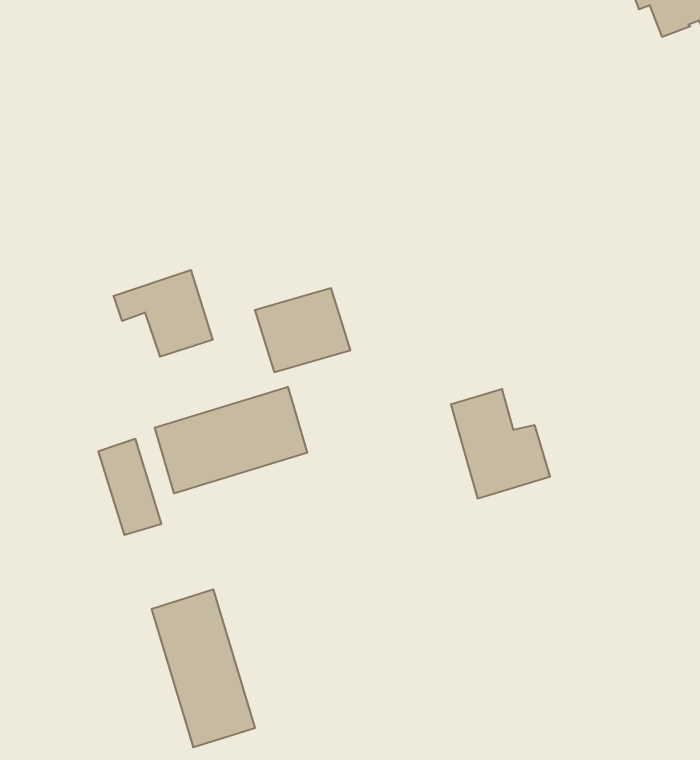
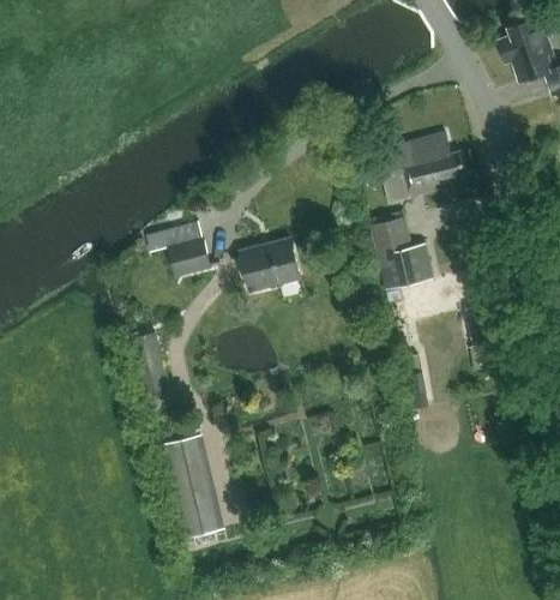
building: none -> [378,130,465,197]
building: [155,387,307,493] -> none
building: [451,389,550,498] -> [369,217,433,289]

